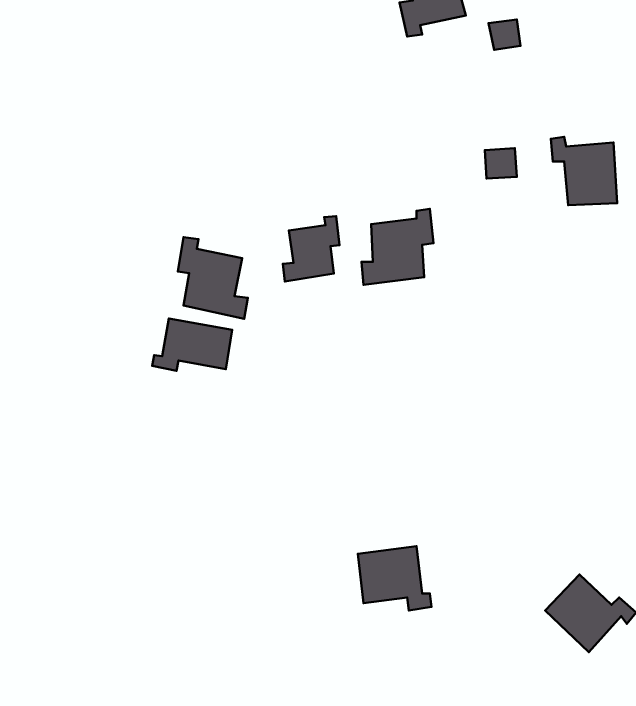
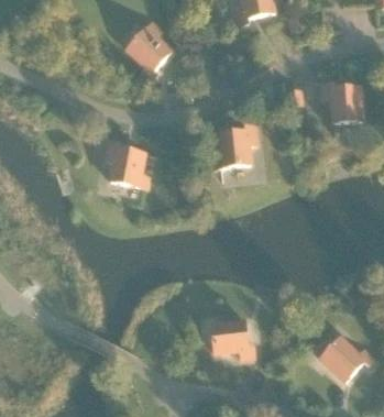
building: none -> [127,22,172,81]
building: [283,216,340,281] -> none
building: [152,318,232,371] -> none

